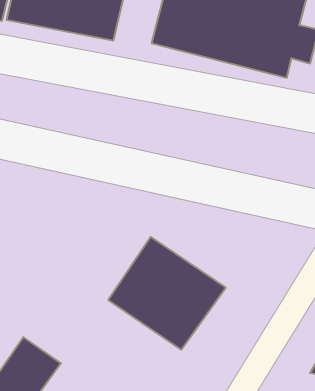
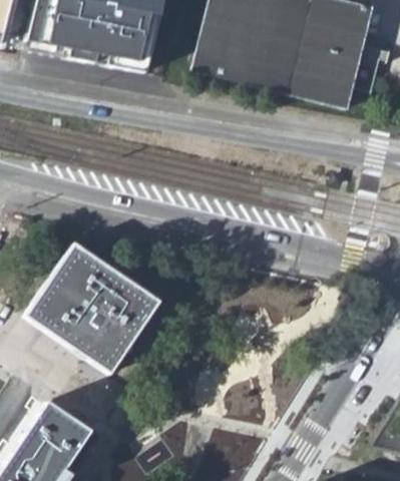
building: [108,237,226,350] -> [31,247,163,374]

